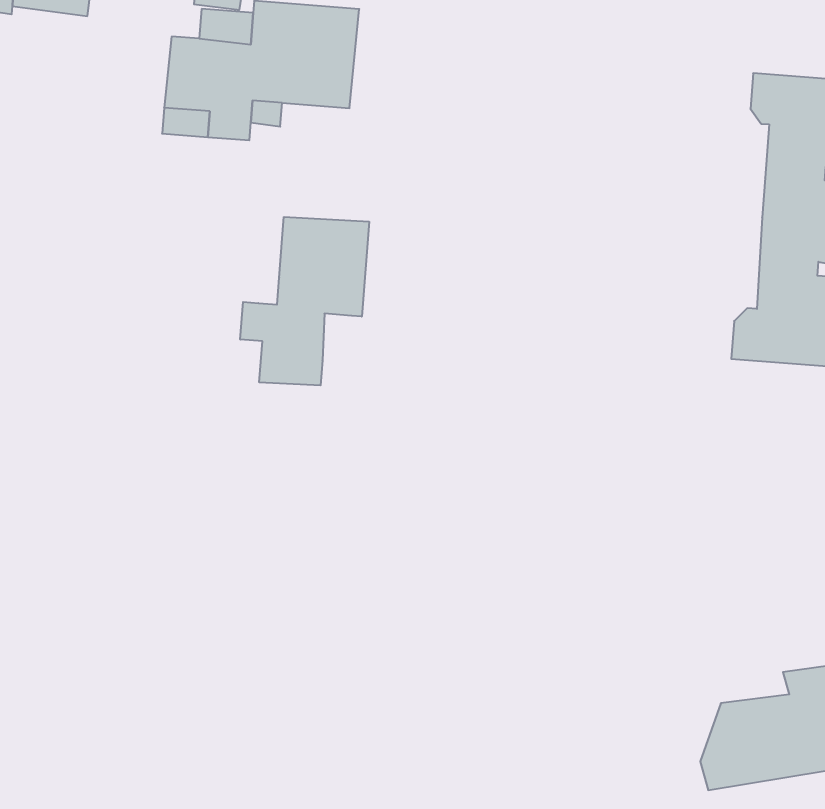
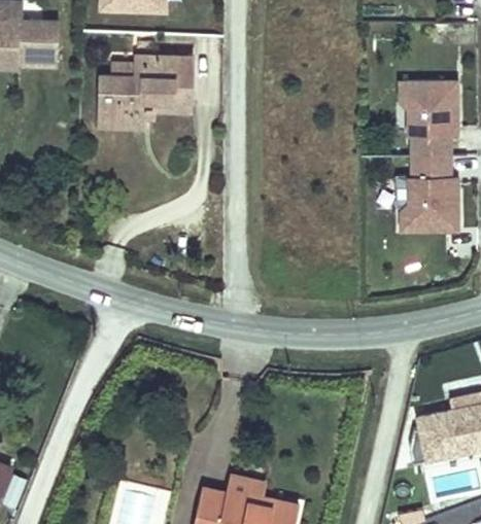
building: [240,217,369,385] -> none

